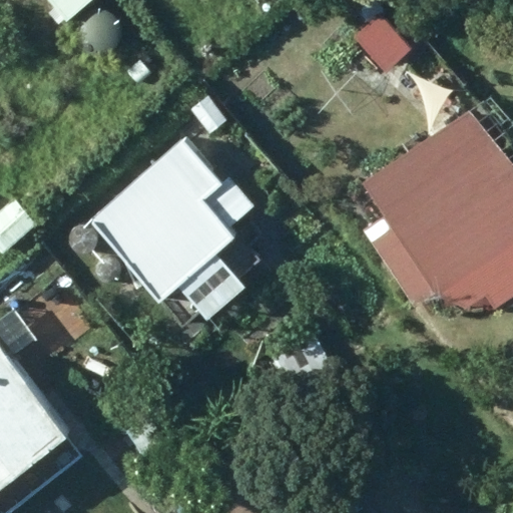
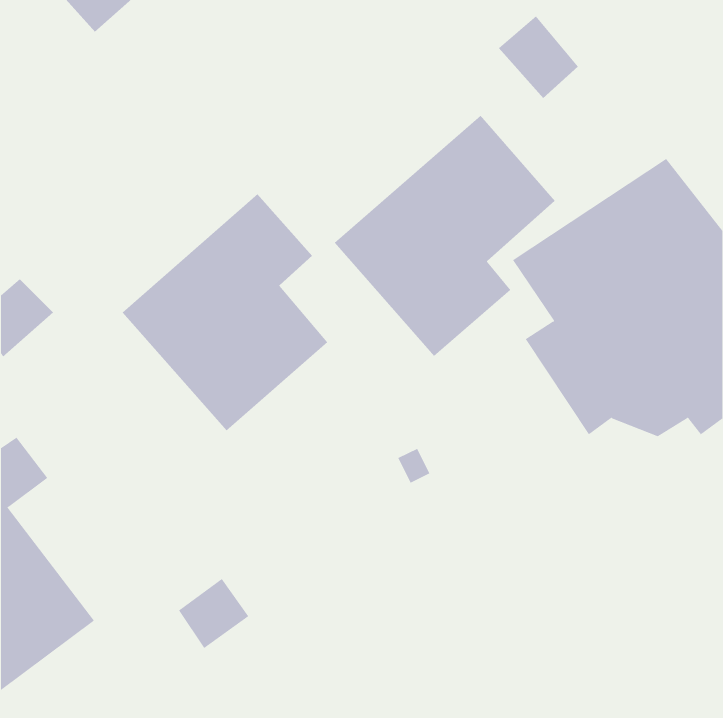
building: none -> [334,115,556,357]

